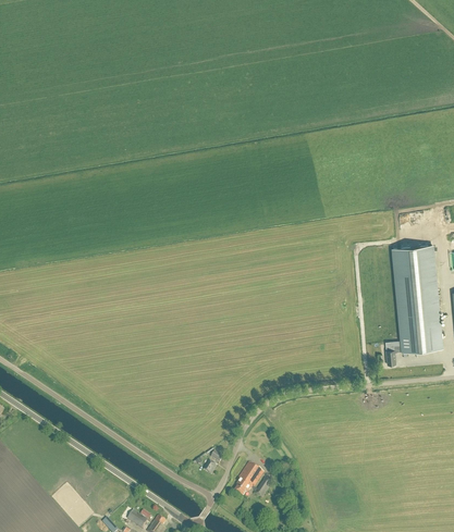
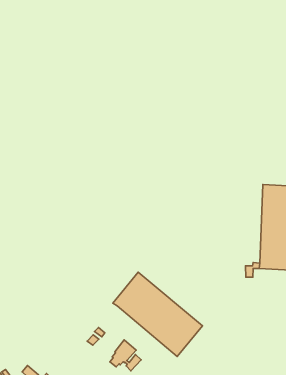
building: none -> [113,272,203,357]

